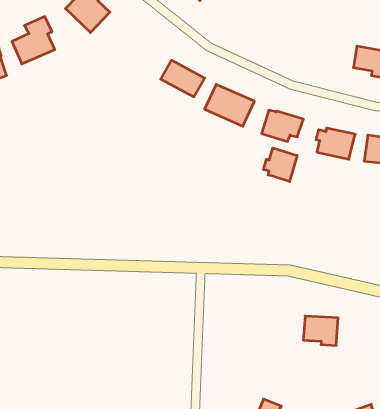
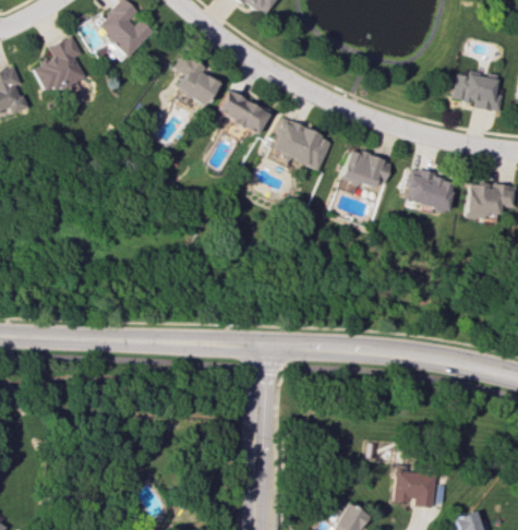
building: none -> [174,53,219,106]
building: [264,148,297,182] -> none
building: [303,316,338,345] -> [391,471,434,507]

